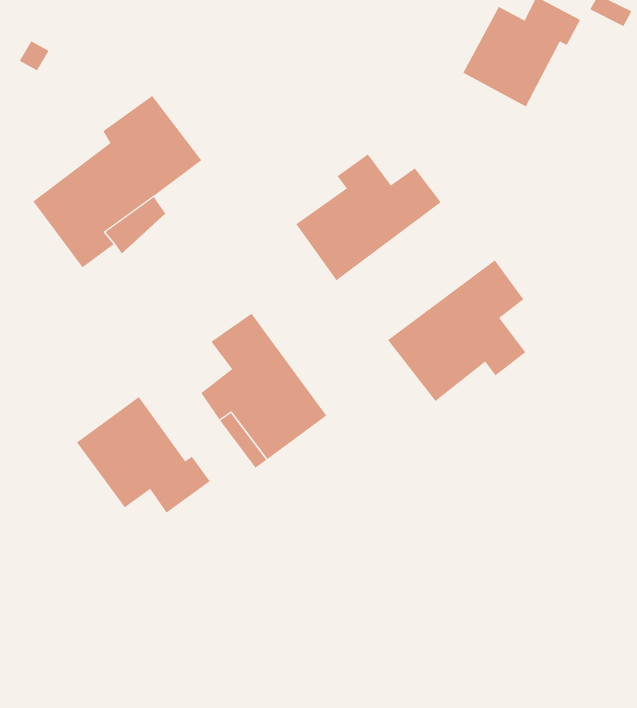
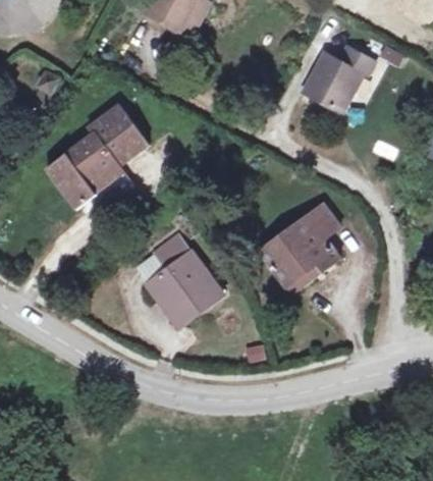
building: [295,154,442,281] -> none
building: [76,396,211,514] -> none

